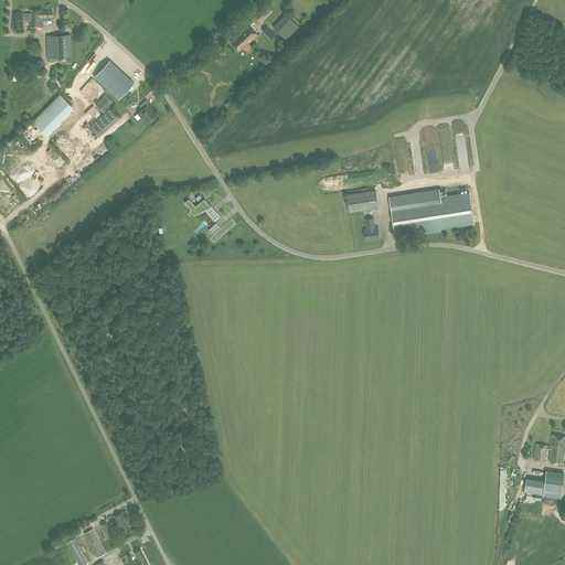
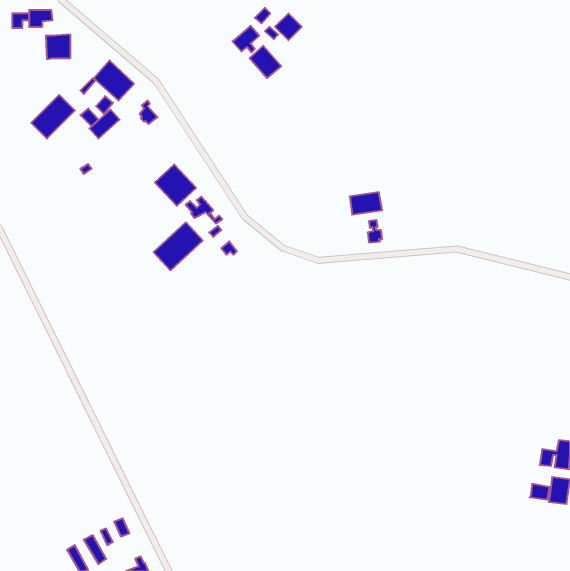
building: none -> [250,46,281,78]
building: none -> [155,164,196,206]
building: [388,189,473,238] -> none
building: none -> [154,222,203,270]

